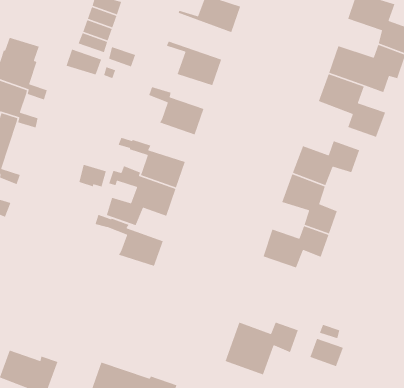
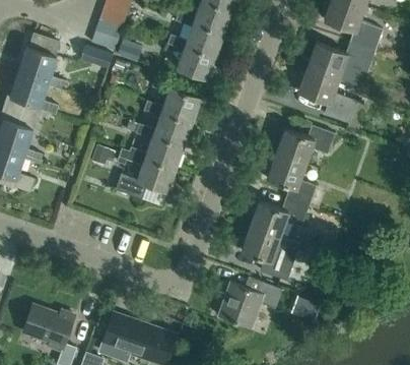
building: none -> [169,14,224,54]
building: [94,214,164,267] -> [133,97,193,142]
building: none -> [242,225,298,278]

